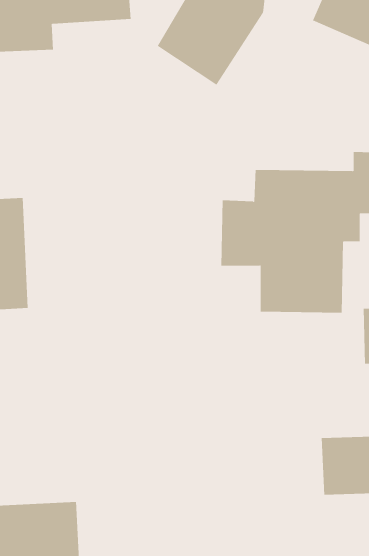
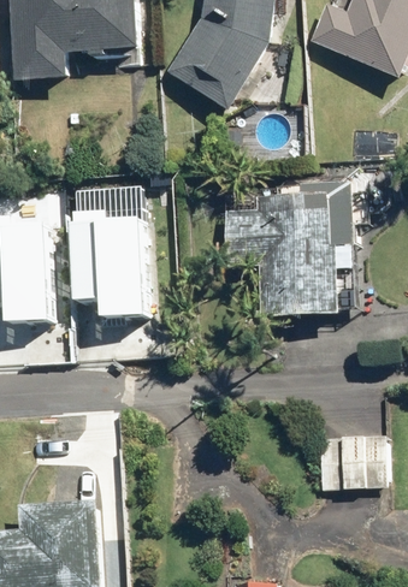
building: none -> [67,204,141,310]

